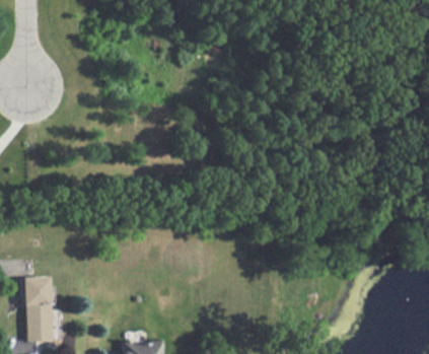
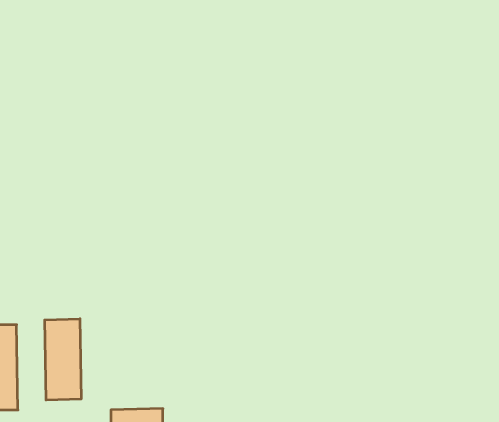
building: none -> [45,319,81,400]

